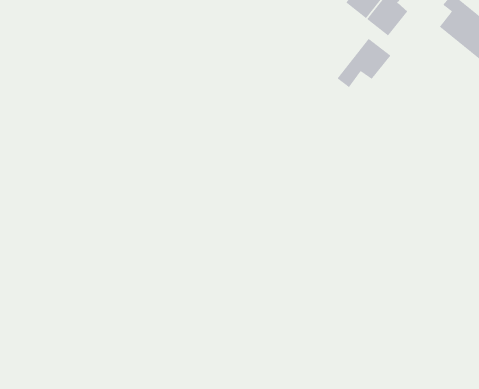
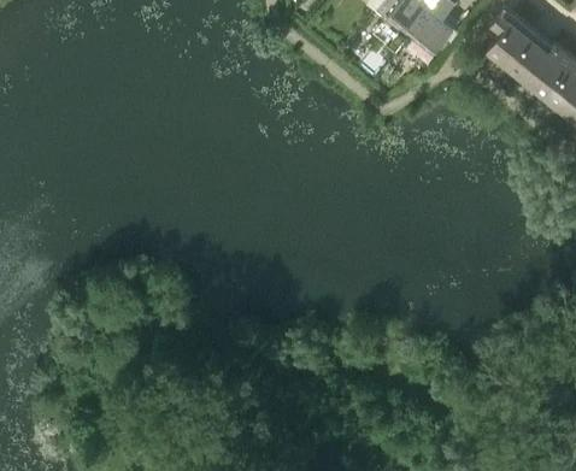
building: [336,38,391,88] -> none

